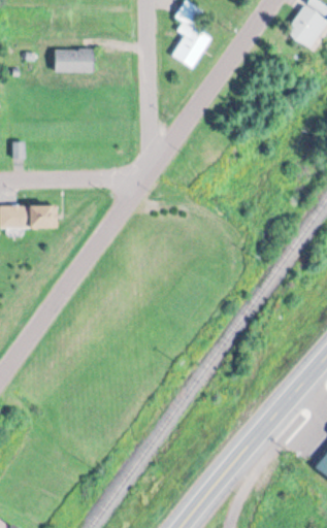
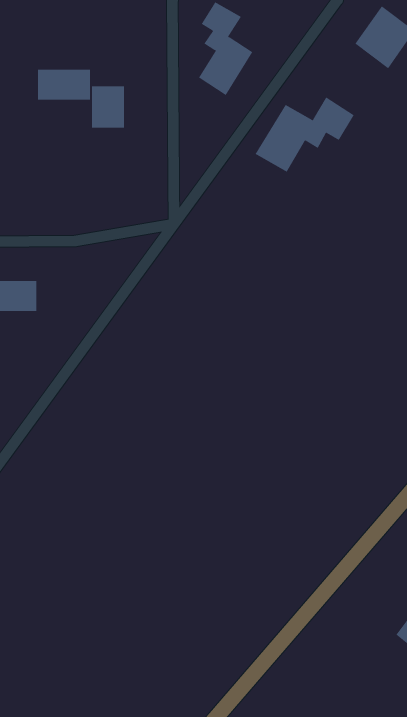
building: none -> [91,86,124,128]
building: none -> [255,96,354,172]

